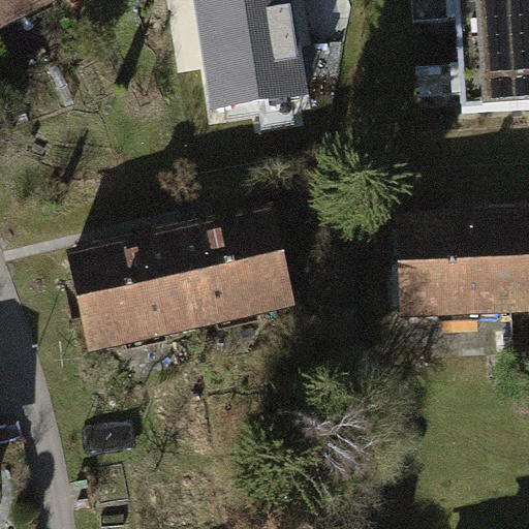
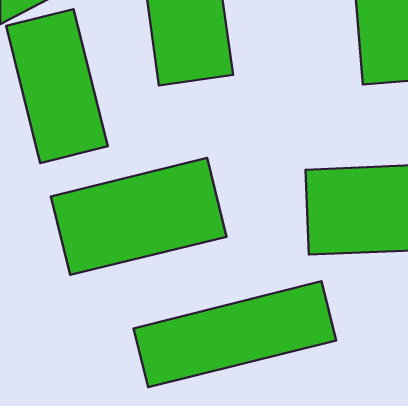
building: none -> [6,9,108,163]
building: none -> [133,281,336,387]

